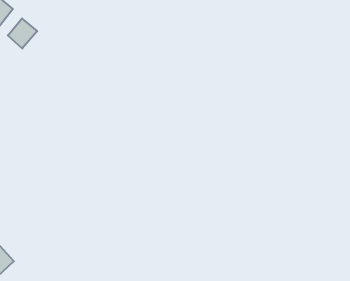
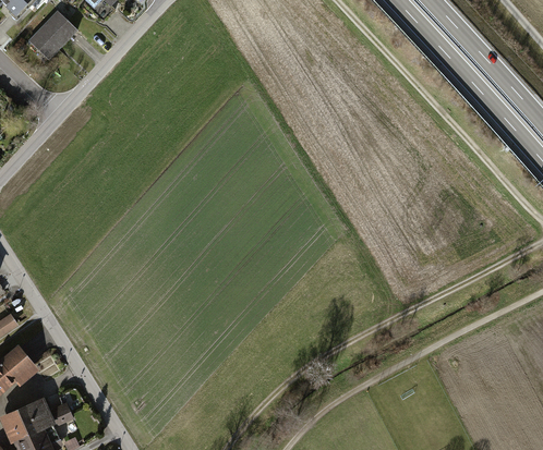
building: [8,18,37,49] -> none

